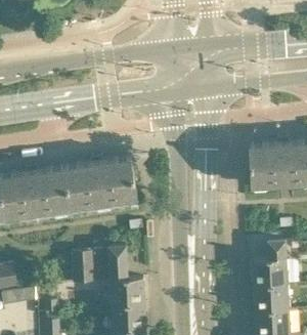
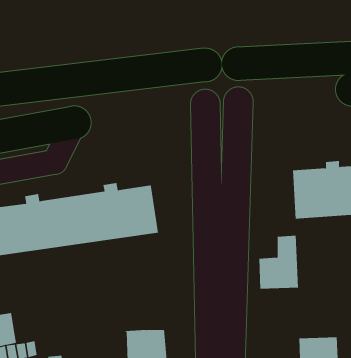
building: [253,243,287,288] -> [258,235,299,289]
building: [71,249,127,285] -> none

